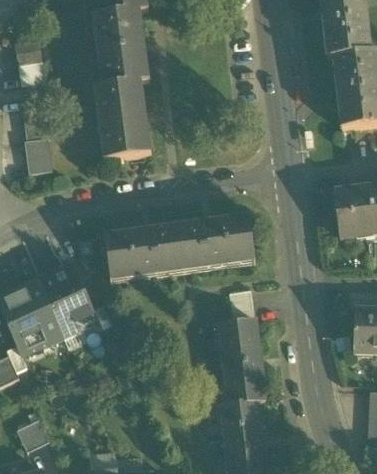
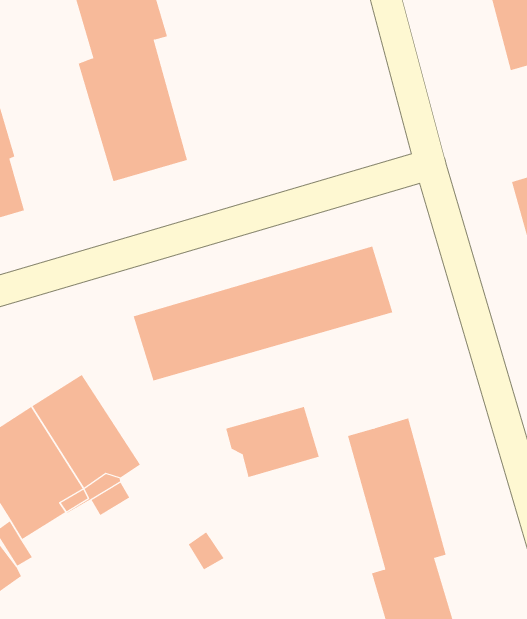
building: [230,290,254,323] -> none
building: none -> [225,406,319,478]

